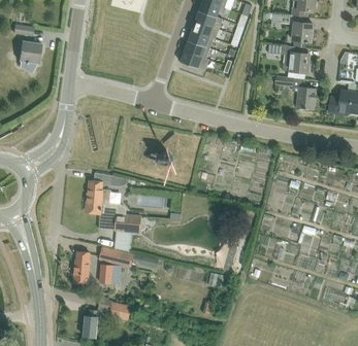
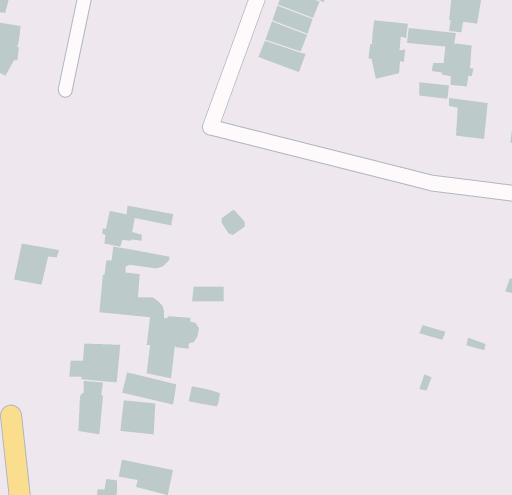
building: none -> [368,20,409,79]
building: none -> [102,205,174,247]
building: none -> [14,243,60,286]
building: none -> [69,343,121,383]

